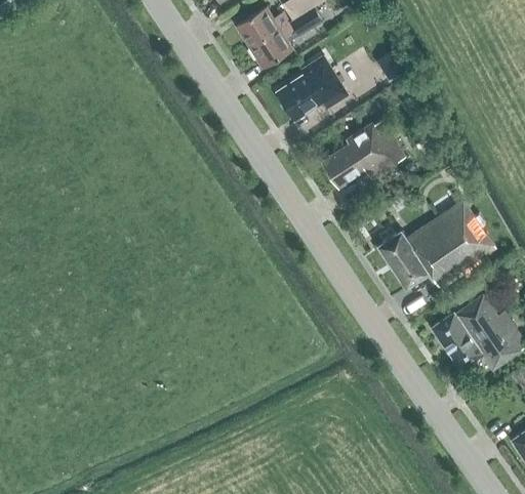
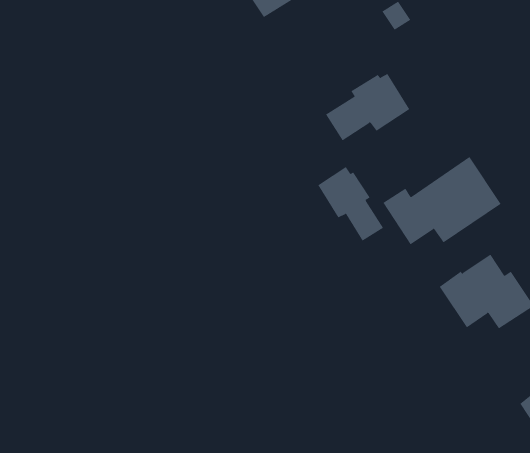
building: [277,57,346,119] -> none
building: none -> [317,166,384,241]

